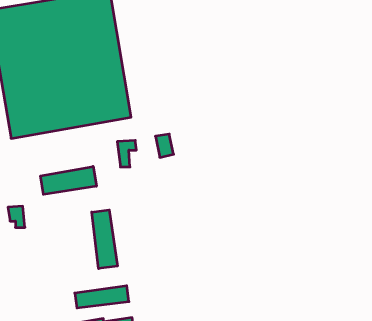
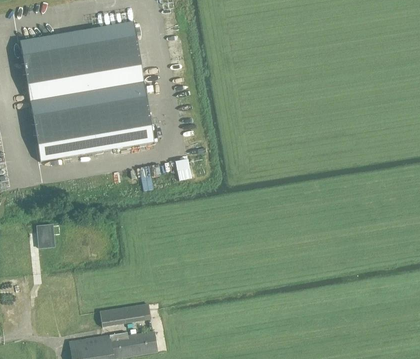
building: [41,166,96,194] -> none
building: [92,210,117,269] -> none

